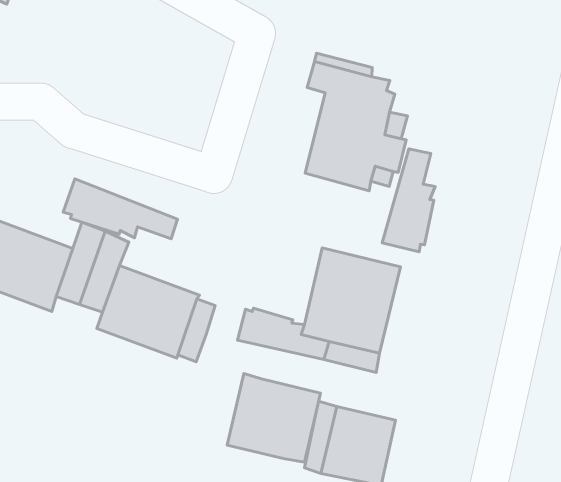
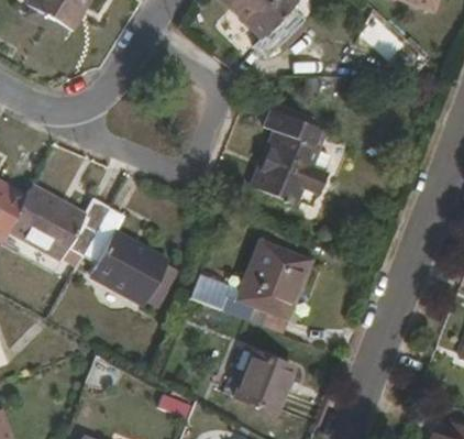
building: [382,149,435,252] -> none
building: [63,179,177,239] -> none
building: [227,374,320,462] -> none

